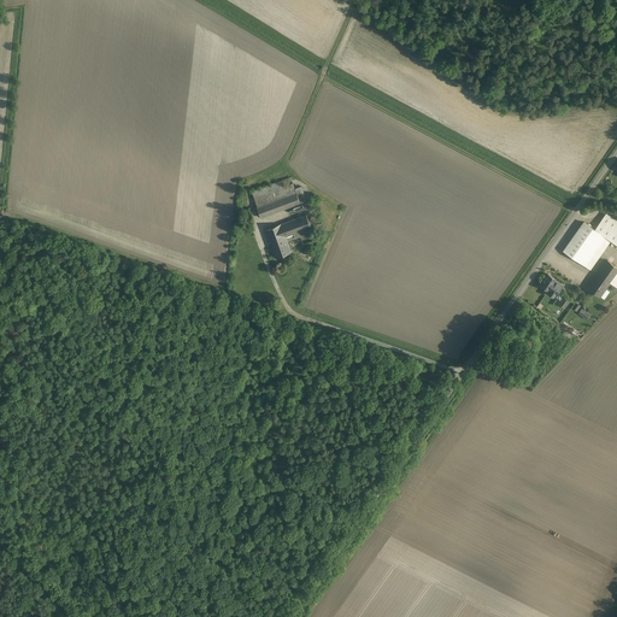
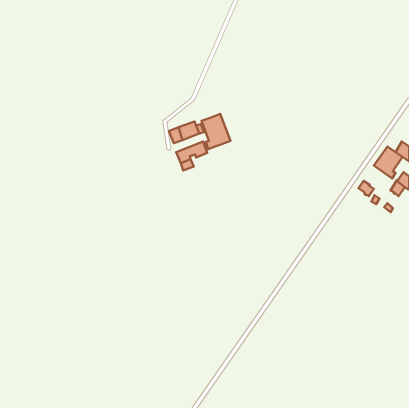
building: none -> [202,114,230,149]

